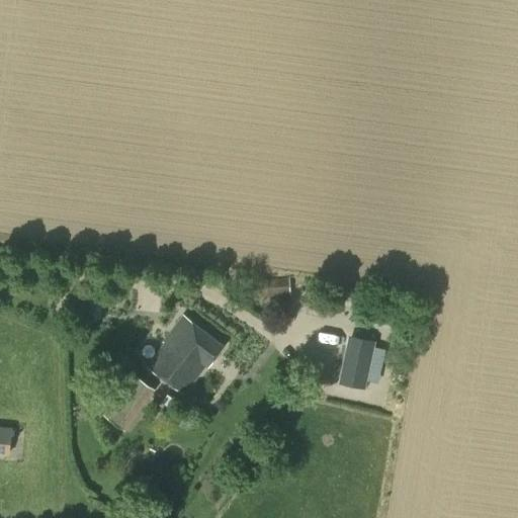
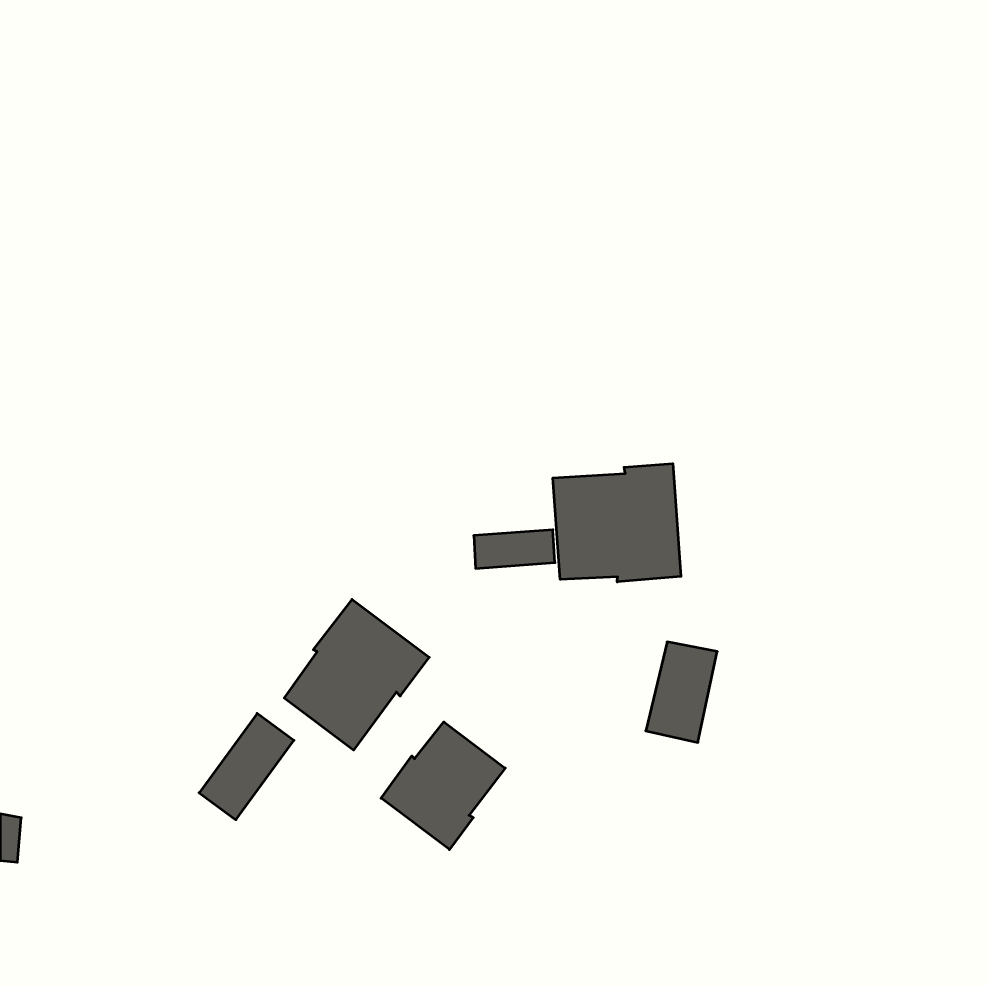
building: none -> [553,464,681,582]
building: none -> [381,722,505,850]

